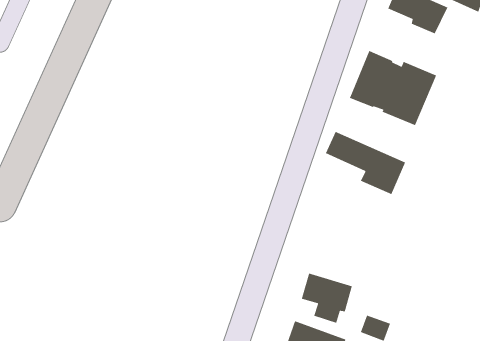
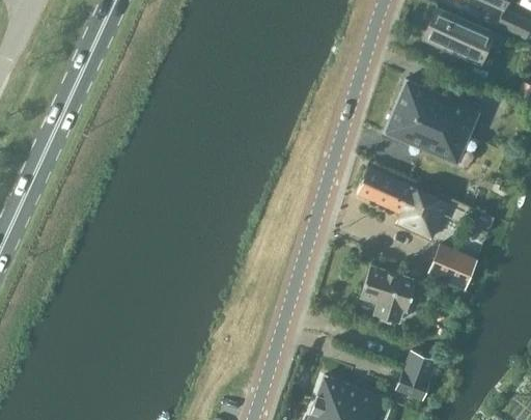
building: none -> [428,246,477,289]
building: [301,273,353,324] -> [362,269,419,325]
building: none -> [404,352,438,381]

